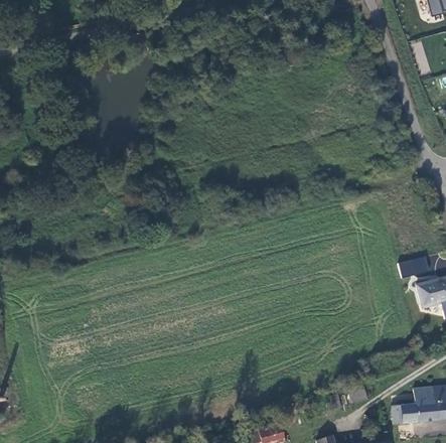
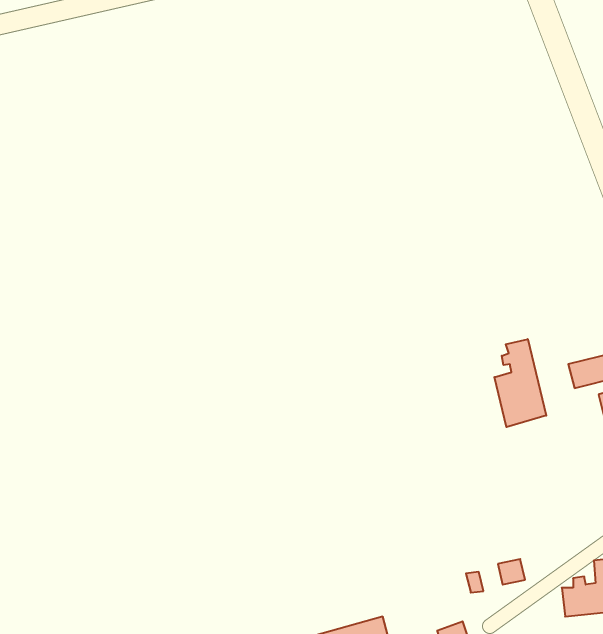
building: none -> [494,339,546,427]

